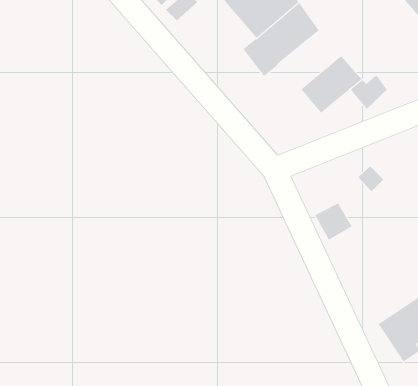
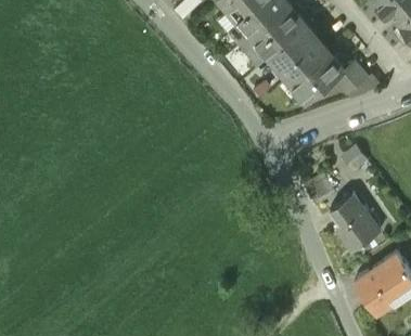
building: none -> [270,29,324,80]
building: none -> [331,195,378,251]

